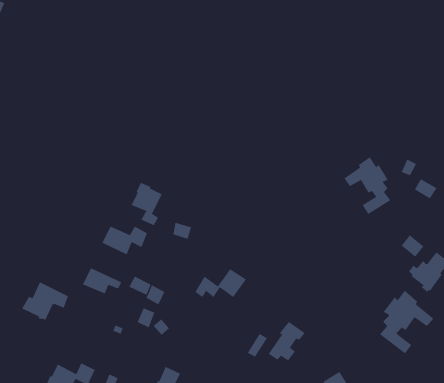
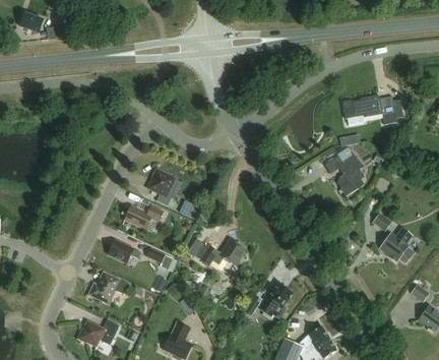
building: none -> [342,95,403,124]
building: [21,282,69,321] -> [88,272,128,304]
building: [379,290,434,354] -> none

